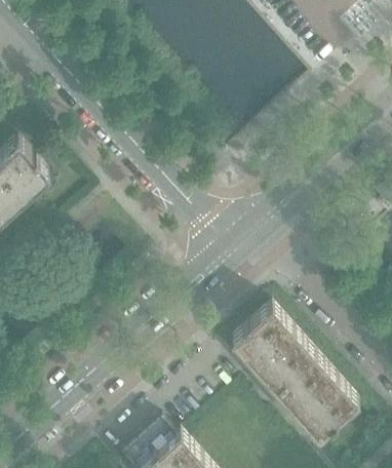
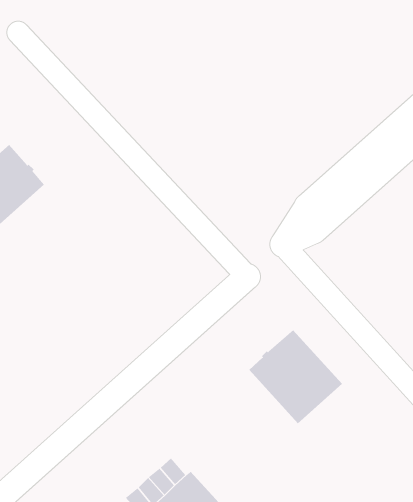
building: [276,357,360,442] -> none

